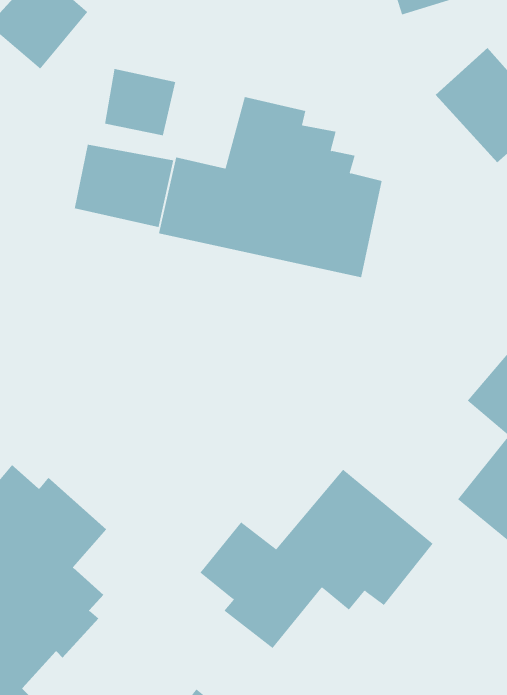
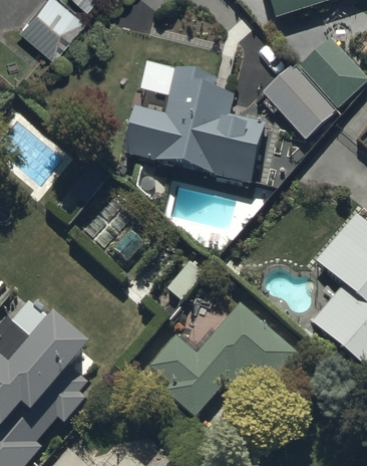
building: [105,68,176,136] -> none
building: none -> [263,62,336,138]
building: [74,144,174,228] -> none

